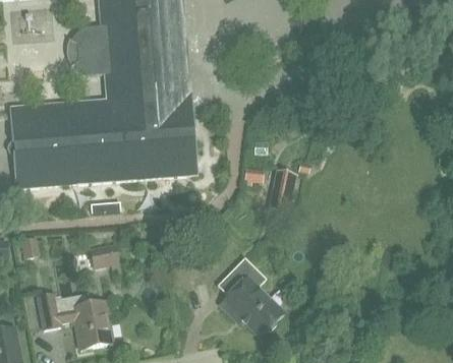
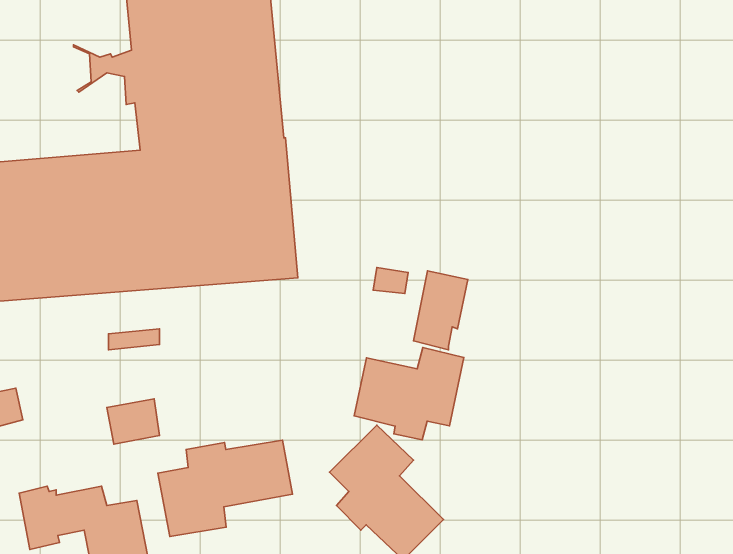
building: none -> [354,348,464,440]
building: none -> [158,440,293,537]

